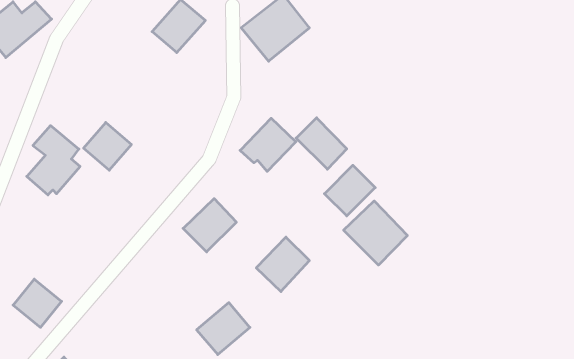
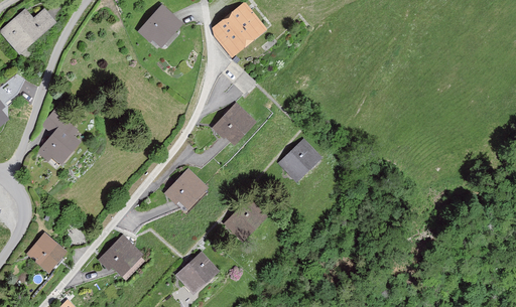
building: [296,118,347,169] -> none
building: [84,122,131,170] -> none
building: [344,201,407,265] -> none
building: none -> [98,237,143,278]

